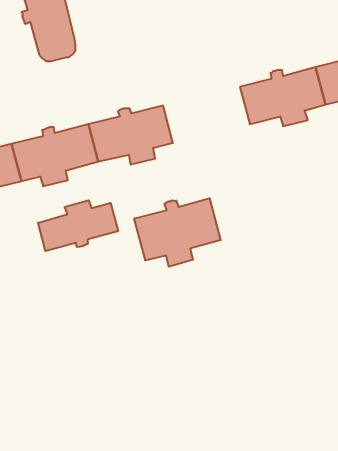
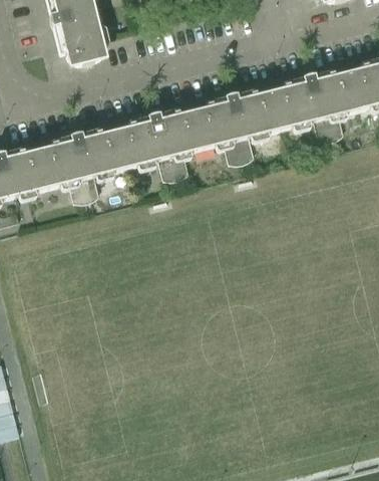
building: none -> [193,89,281,153]
building: [134,198,221,267] -> none
building: [38,200,118,251] -> none

